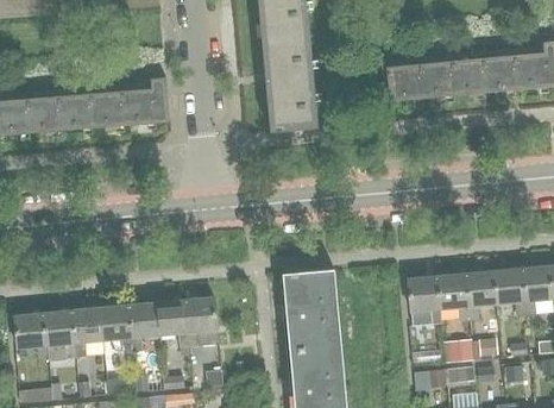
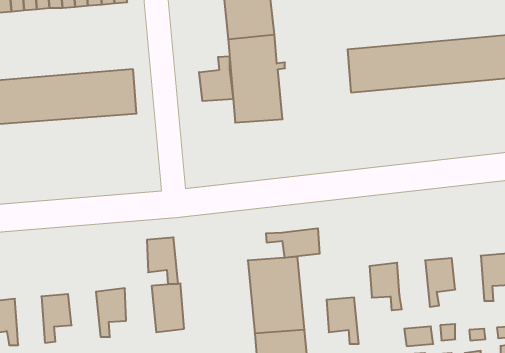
building: none -> [199,56,233,101]
building: none -> [266,228,320,258]
building: [492,269,525,316] -> none
building: [436,274,470,321] -> [326,298,359,344]
building: [157,300,189,347] -> [147,237,178,284]
building: [99,306,132,353] -> none
building: [44,310,75,358] -> none

